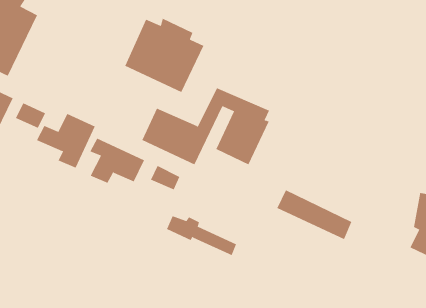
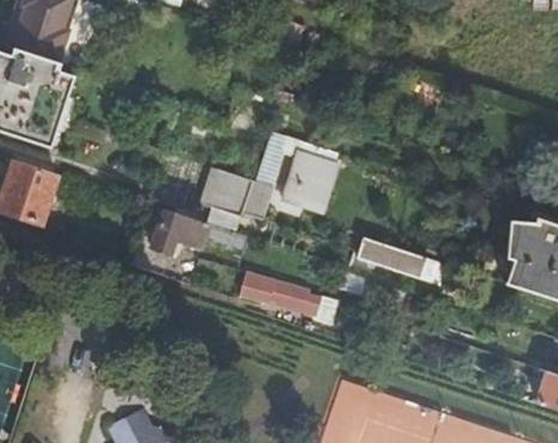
building: [124,18,204,93] -> none
building: [36,113,96,168] -> none

